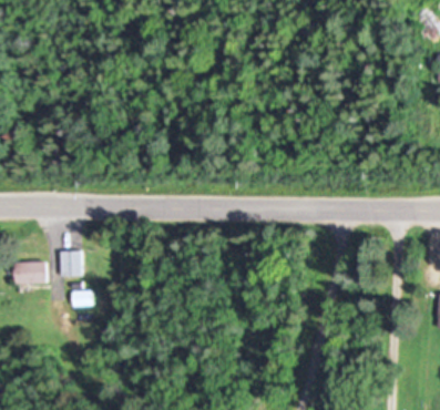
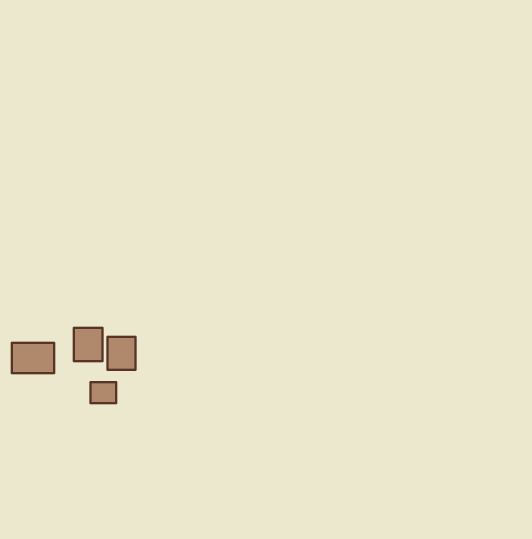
building: none -> [108,337,135,370]

